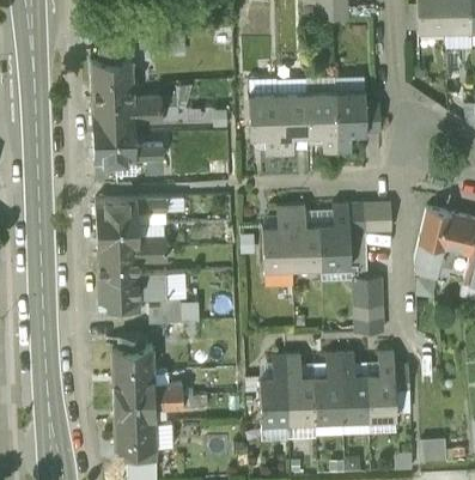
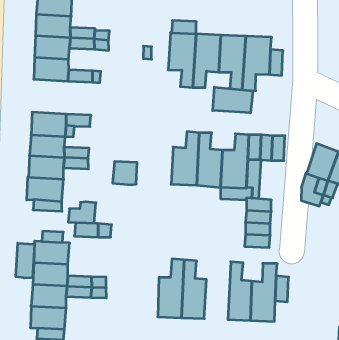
building: none -> [213,87,253,113]
building: [139,273,166,299] -> [113,162,137,185]
building: none -> [16,243,34,278]
building: [313,353,342,421] -> none

